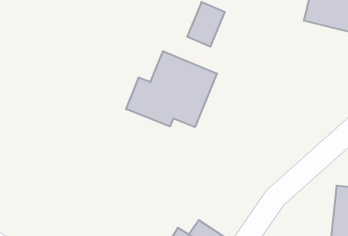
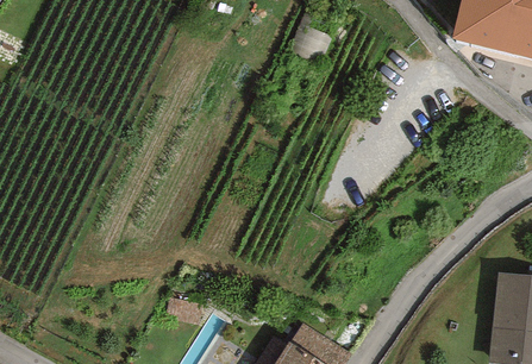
building: [126,51,217,127] -> none

